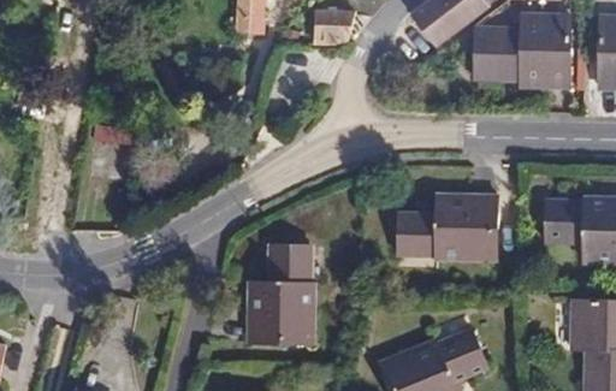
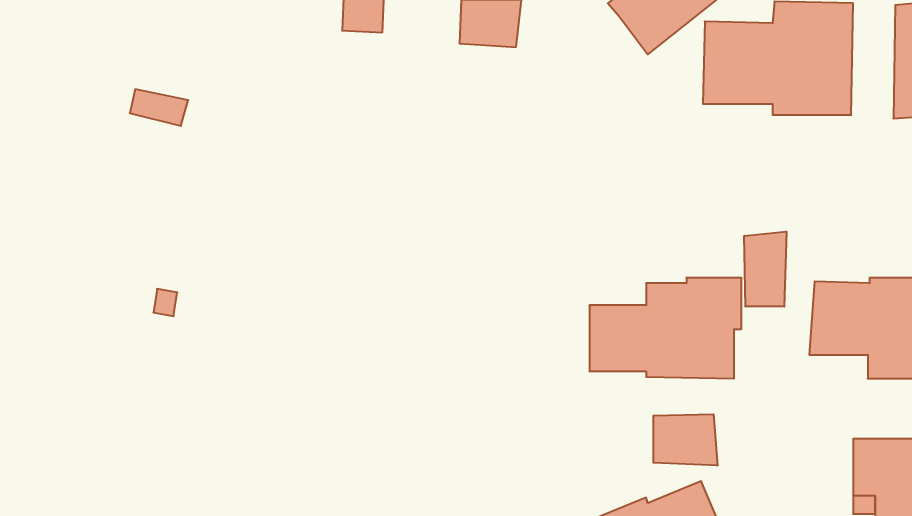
building: none -> [744,231,786,307]
building: [248,245,315,344] -> none
building: none -> [653,414,717,466]

